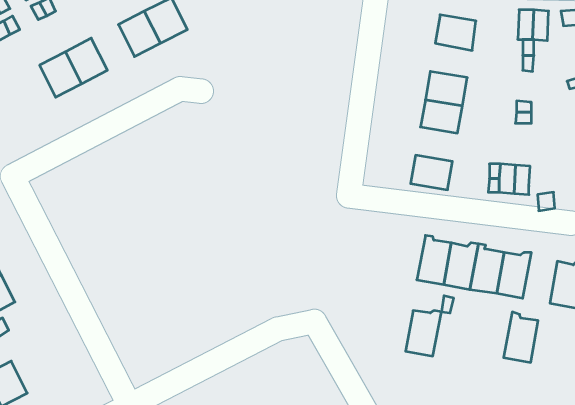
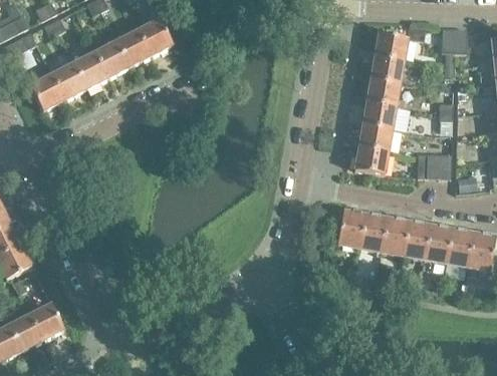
building: none -> [93,40,129,77]
building: none -> [369,55,404,83]
building: none -> [29,73,64,110]
building: none -> [357,123,392,151]
building: [406,311,441,356] -> [336,211,365,248]
building: [504,312,538,362] -> [445,226,473,267]
building: none -> [28,303,63,340]

